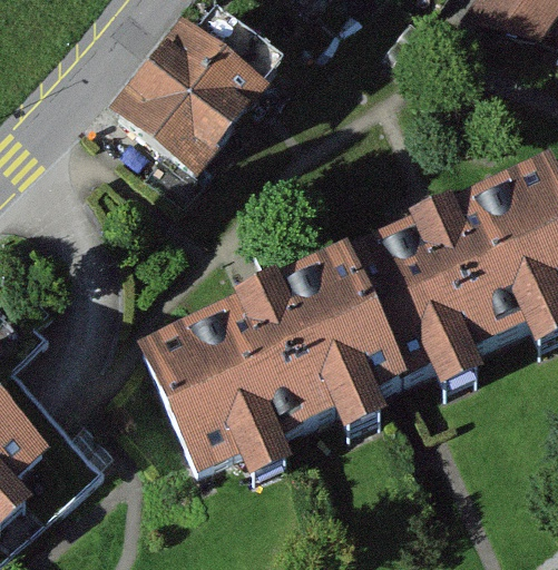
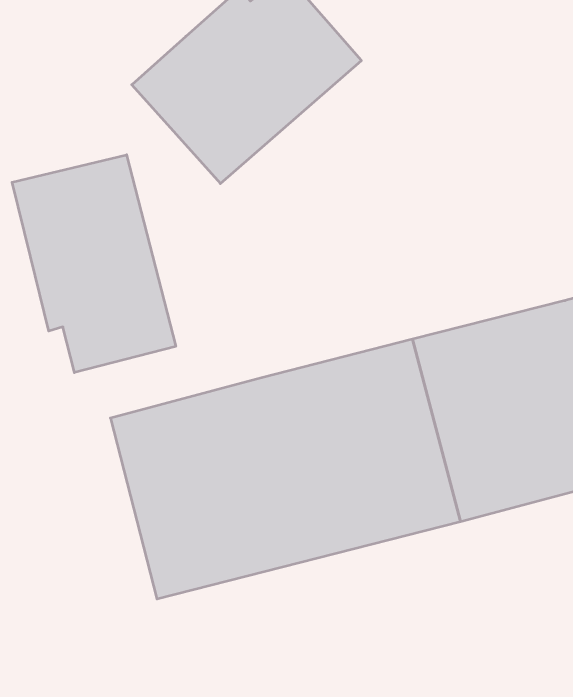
building: none -> [12,155,176,373]

